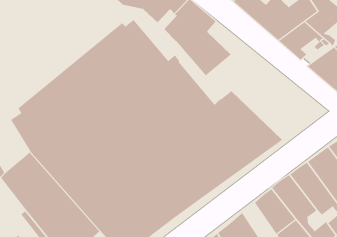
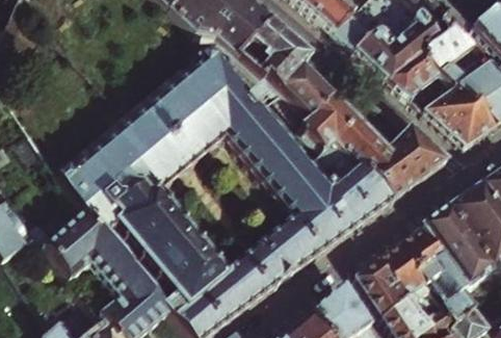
building: none -> [299,93,450,199]

